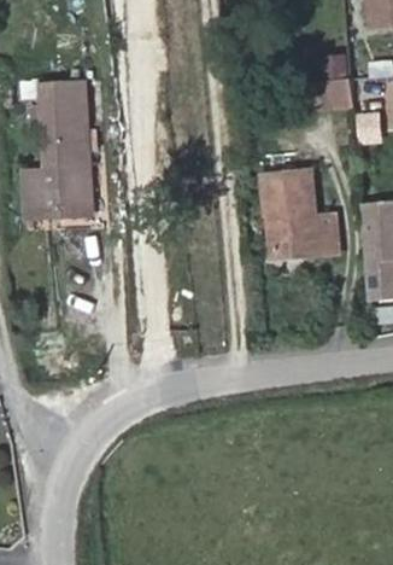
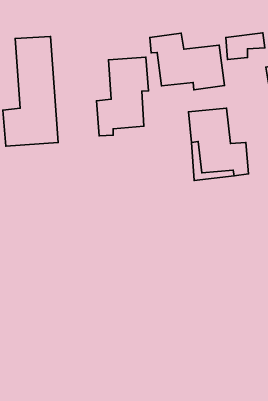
building: none -> [150,33,224,90]
building: none -> [96,57,148,136]

